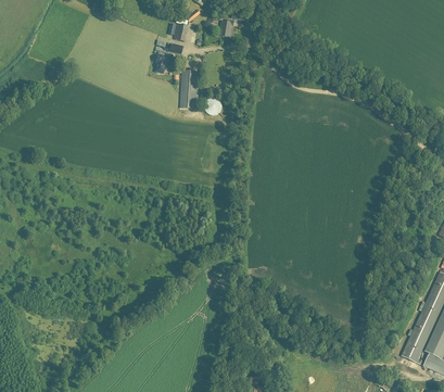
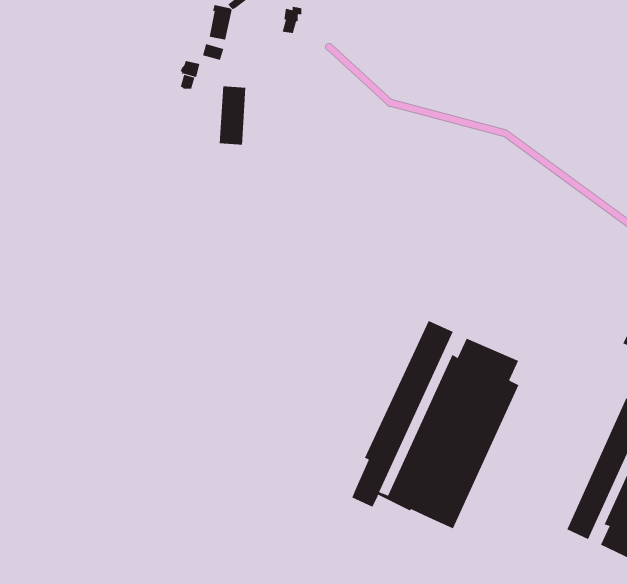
building: none -> [351,320,519,529]

